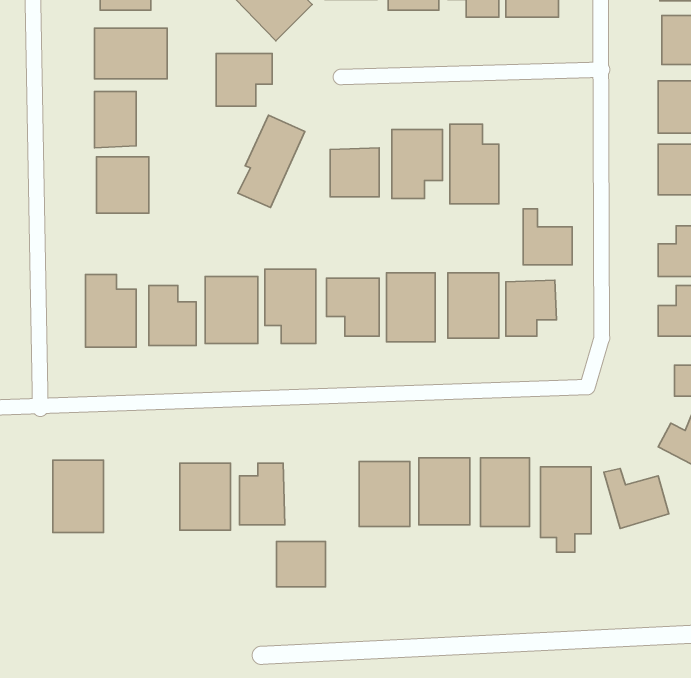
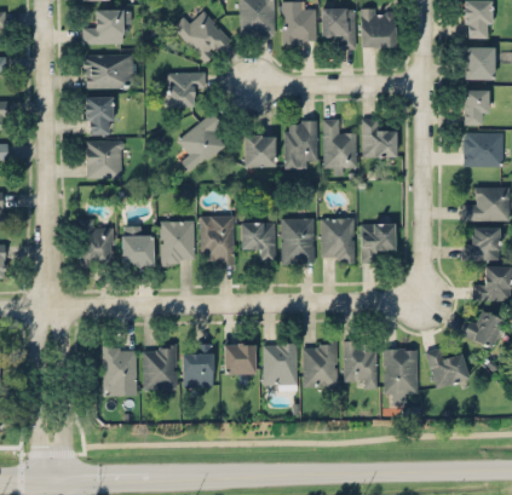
building: [523,209,572,265] -> [363,119,396,156]
building: [53,460,103,533] -> [103,345,137,393]
building: [277,542,325,587] -> [224,344,257,374]

